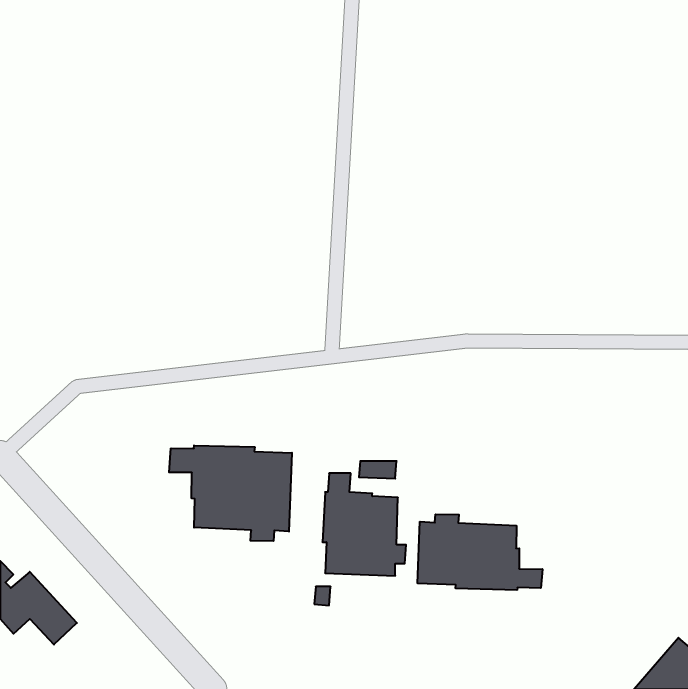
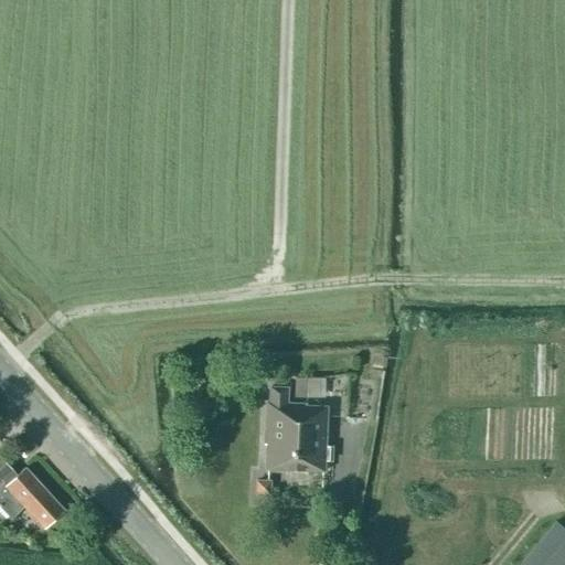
building: [169,445,292,541] -> none
building: [418,514,542,590] -> none

